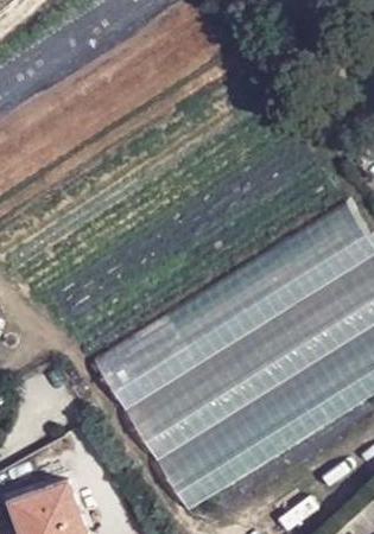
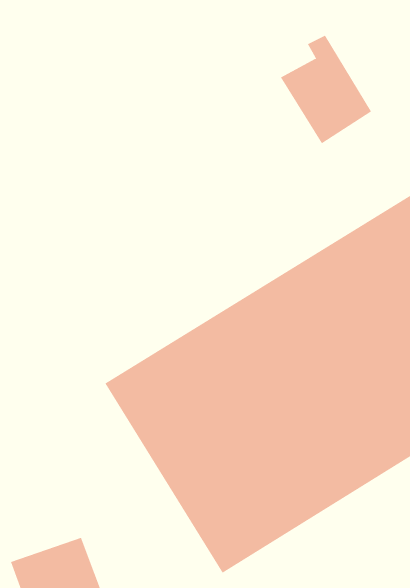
building: none -> [280,35,372,144]

